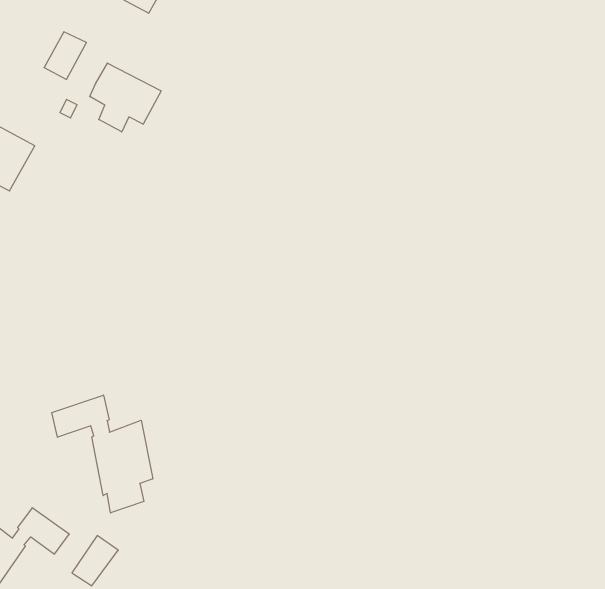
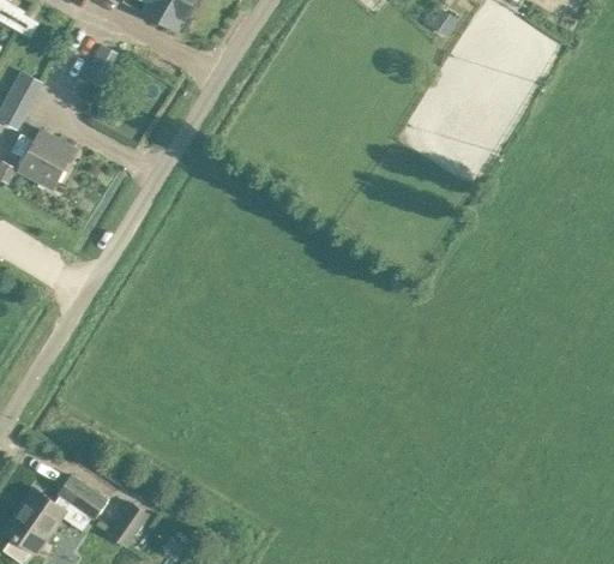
building: [90,63,161,132] -> none
building: [52,395,153,513] -> none

